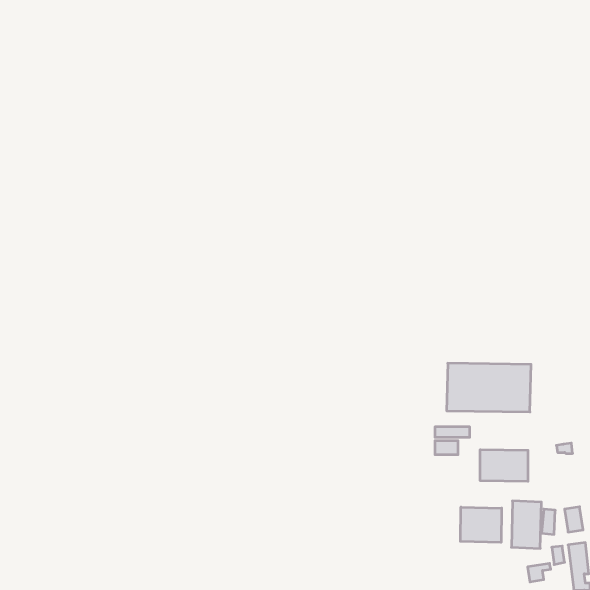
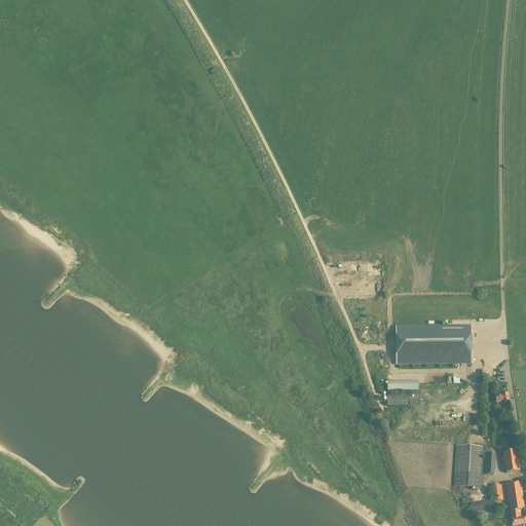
building: [480,450,528,481] -> none
building: [460,507,502,542] -> none

